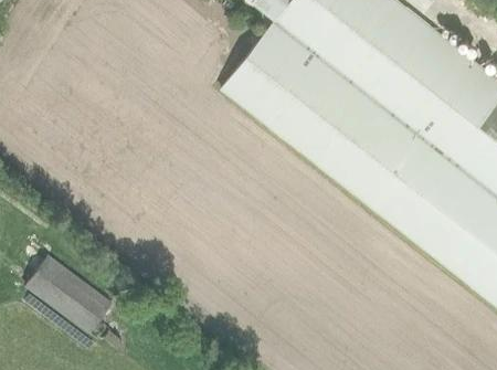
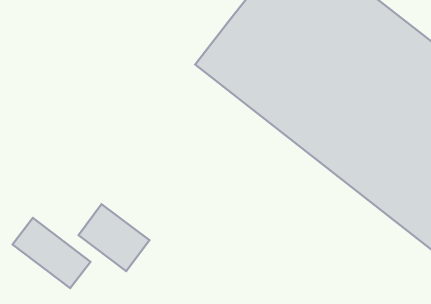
building: none -> [78,204,149,271]

